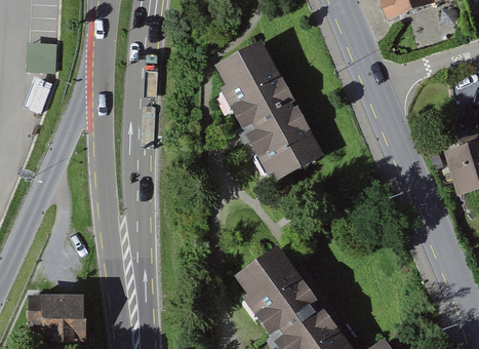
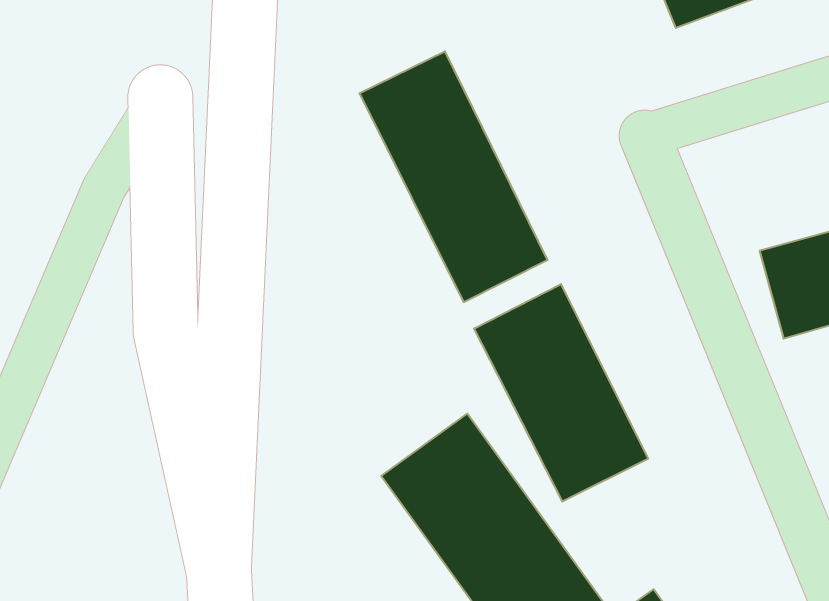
building: none -> [474,284,648,502]
building: [29,297,83,339] -> none

